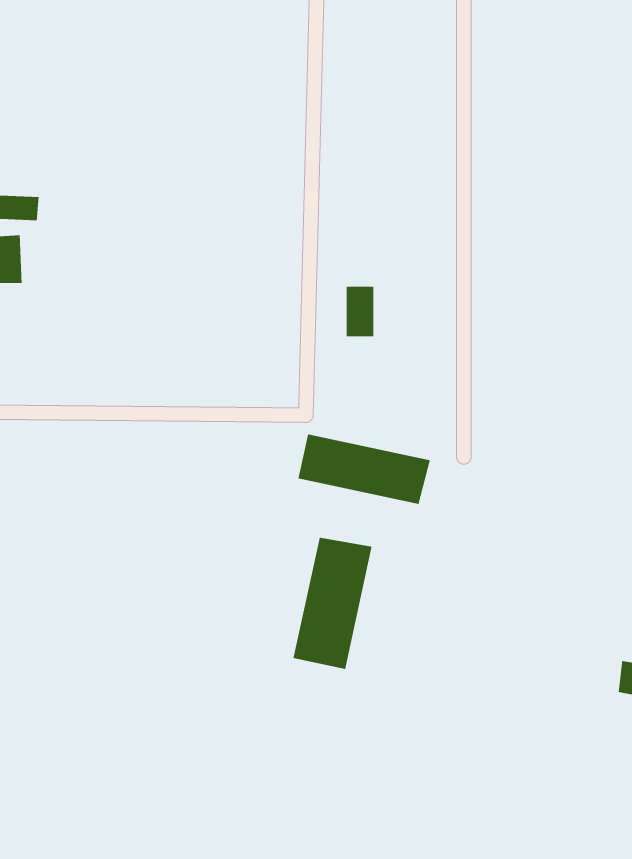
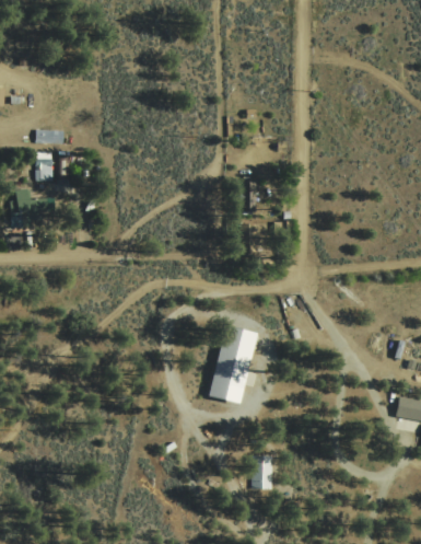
building: [298,433,431,505] -> none
building: none -> [254,455,273,489]

